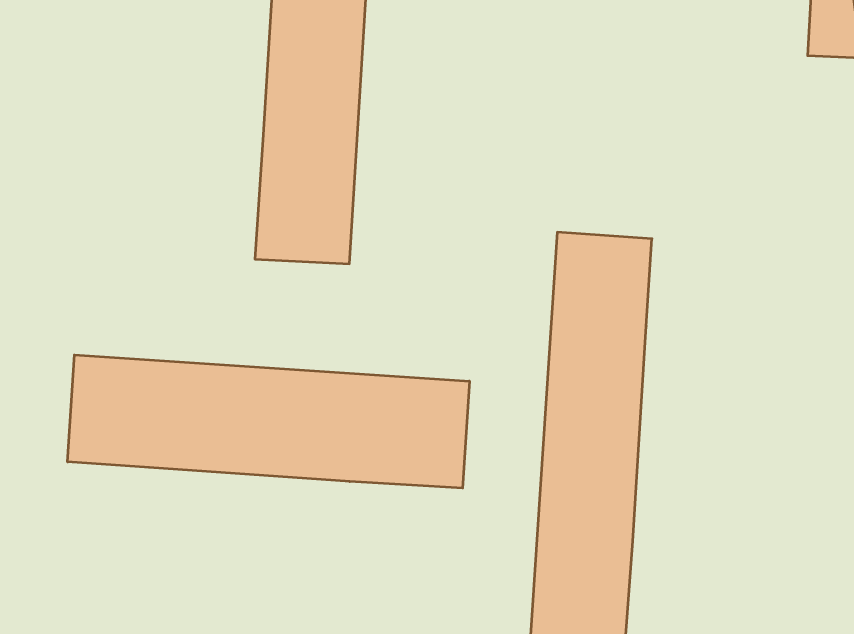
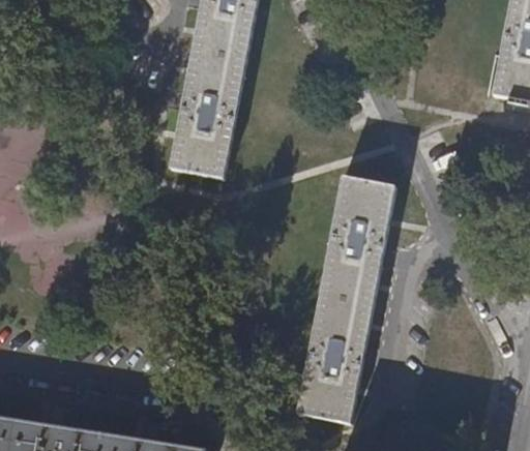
building: [68,355,469,488] -> none

